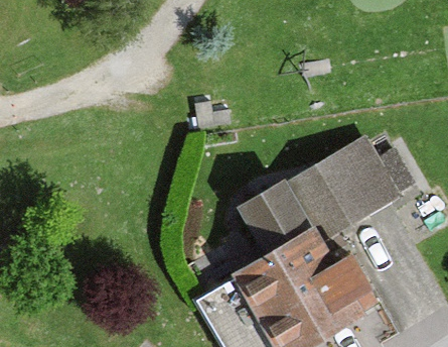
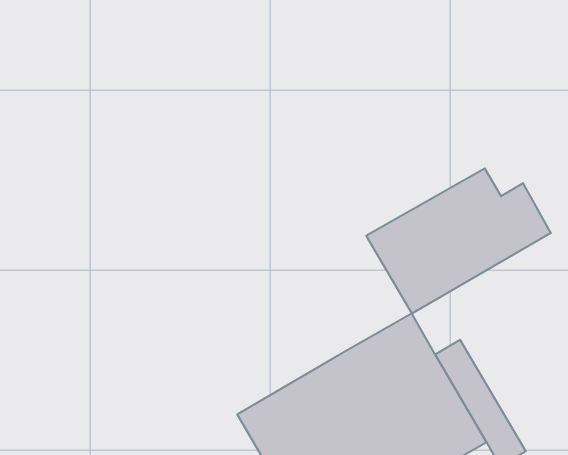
building: [236,179,316,260] -> none

